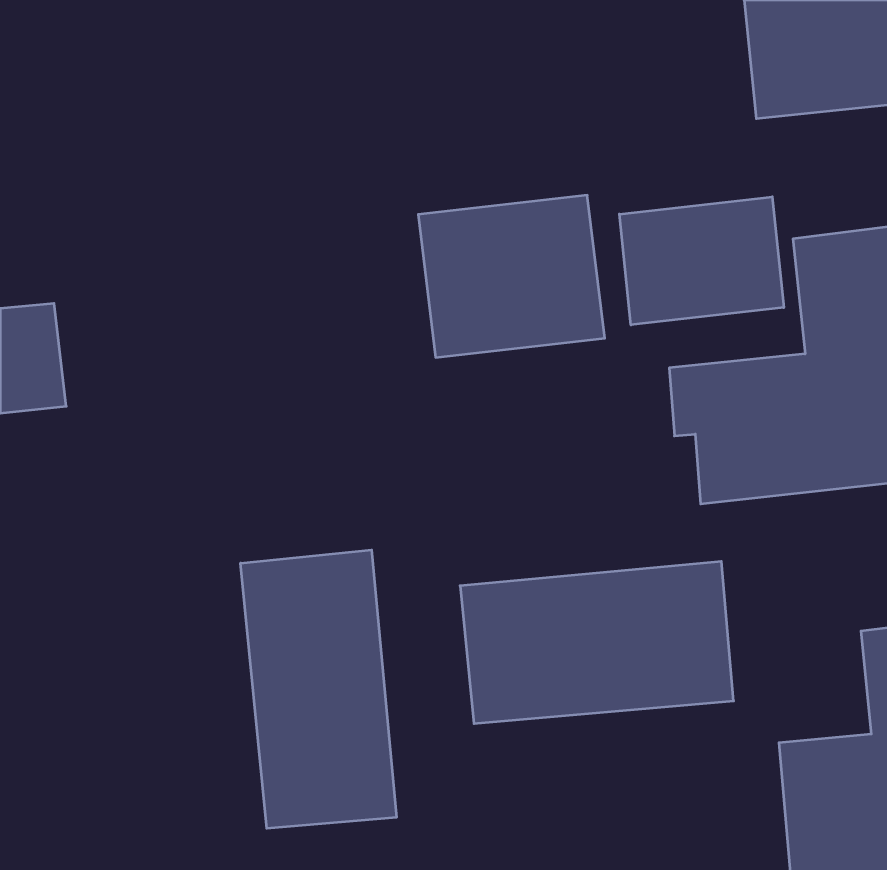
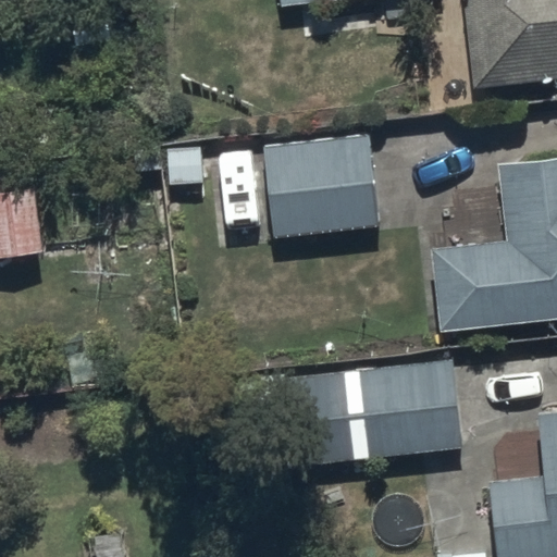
building: [619,197,784,325] -> none
building: [241,550,396,828] -> none

